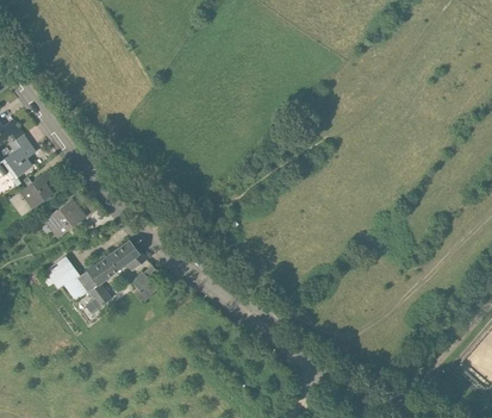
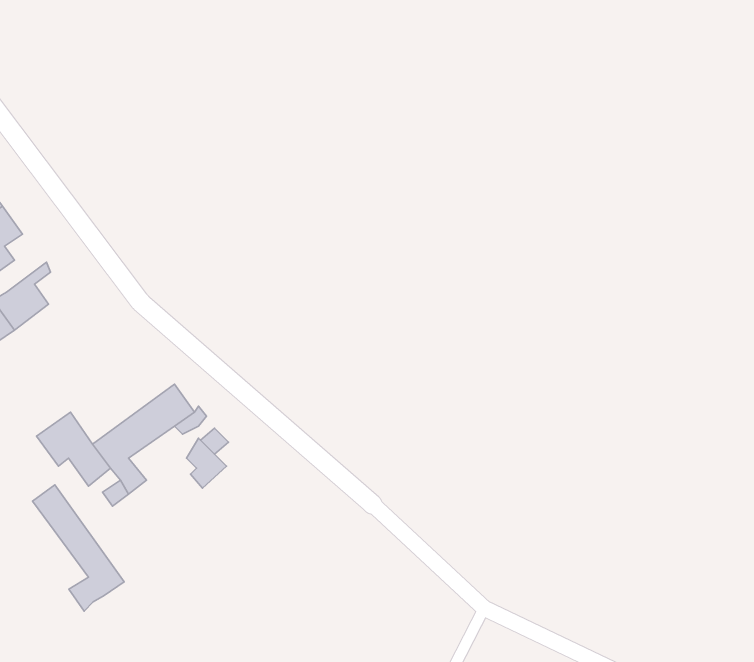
building: [46,196,85,233] -> none
building: none -> [33,485,124,611]

